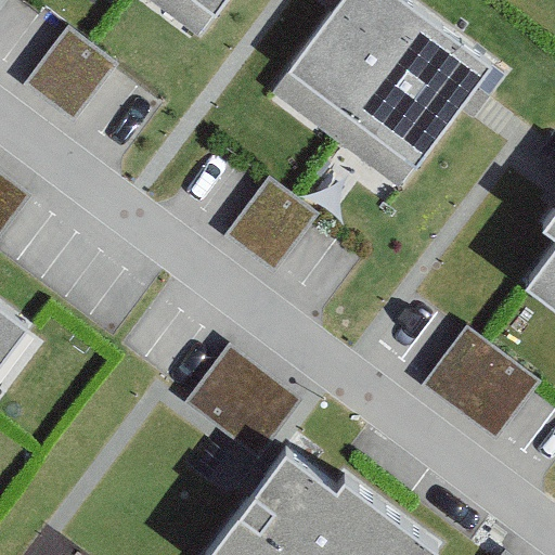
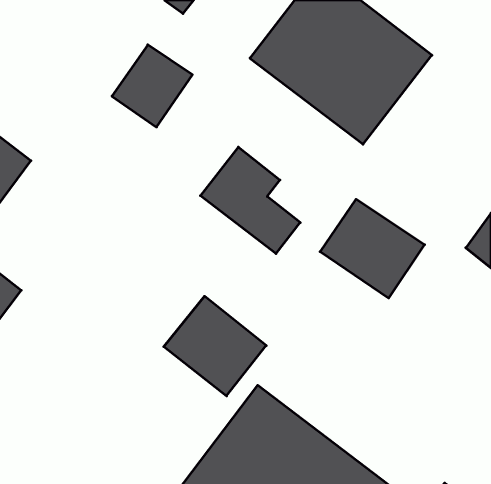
building: [28,23,118,115] -> [112,45,192,127]
building: [423,326,540,437] -> [320,199,425,298]

